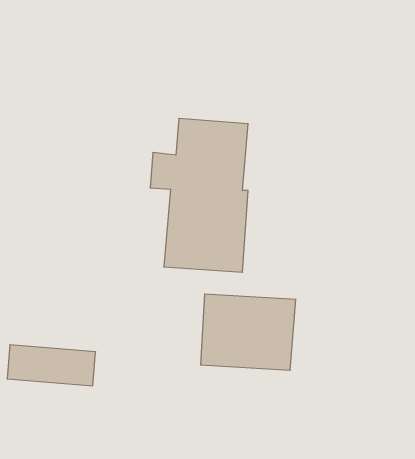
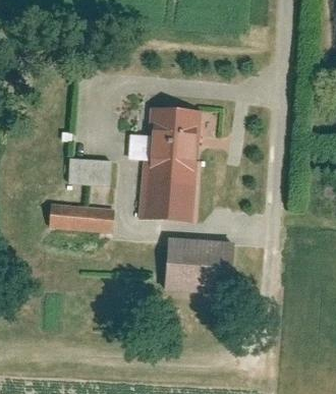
building: none -> [67,157,110,184]
building: [7,345,96,386] -> [48,202,114,232]

